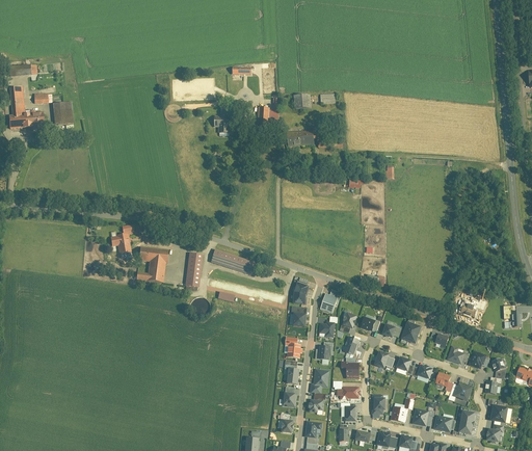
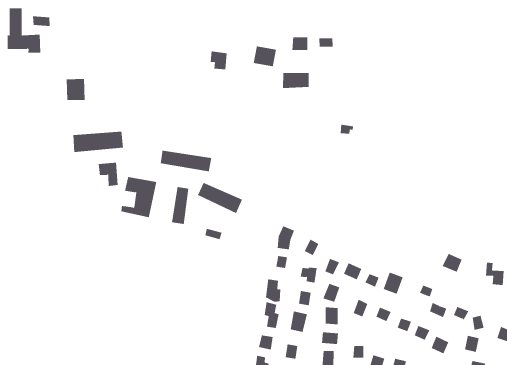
building: [53,102,74,125] -> [66,78,85,100]
building: none -> [73,131,124,153]
building: none -> [160,150,212,172]

